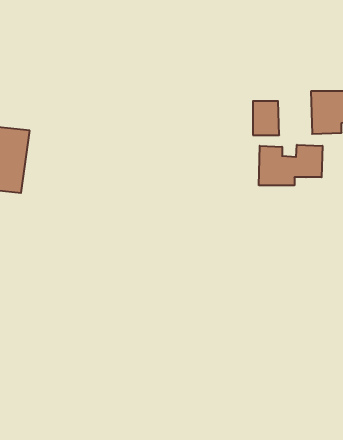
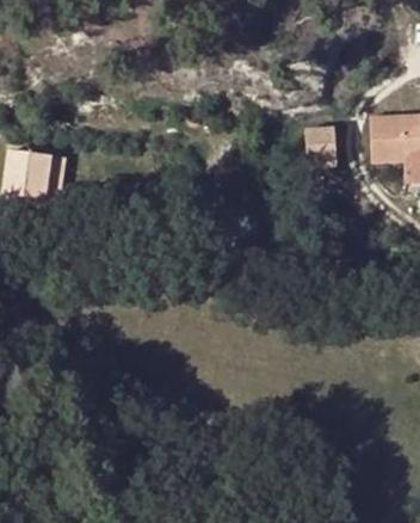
building: [259,145,322,185] -> none

